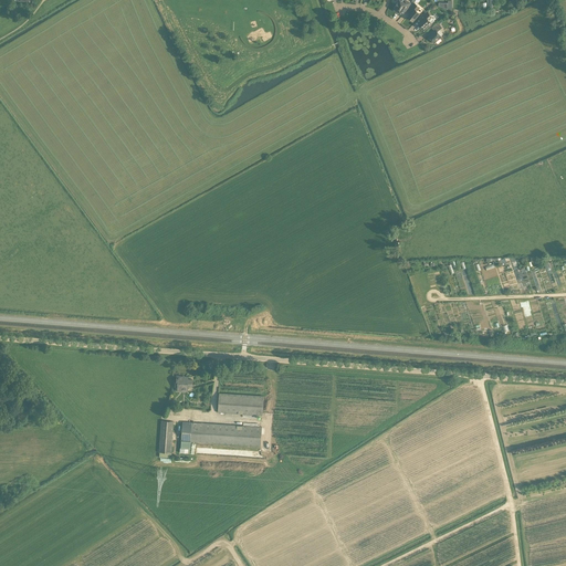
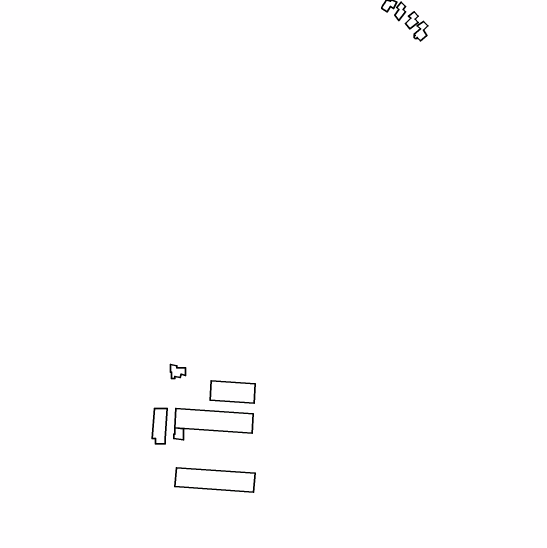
building: none -> [175,468,255,492]

